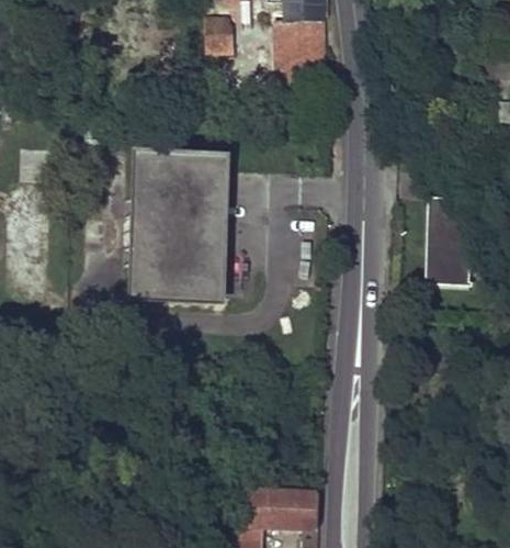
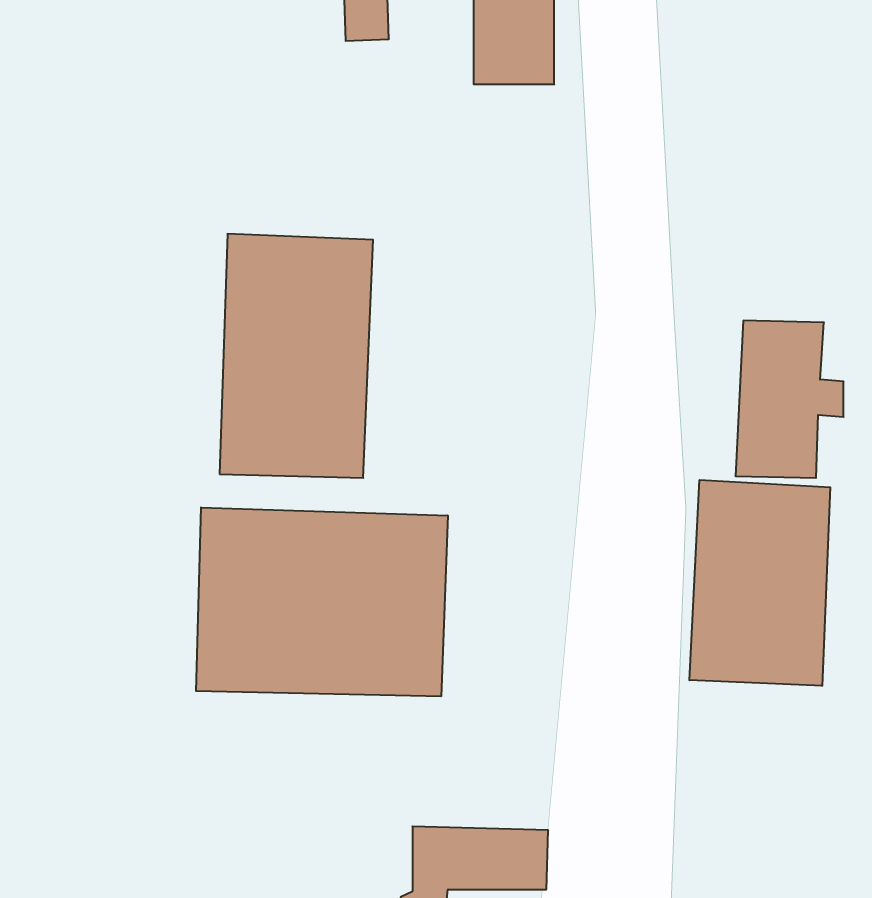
building: none -> [689,480,830,686]
building: none -> [196,507,448,696]

